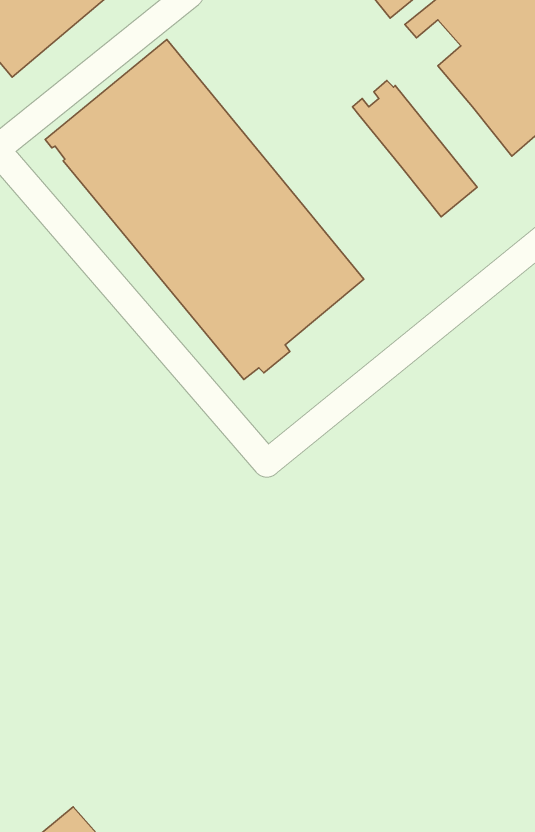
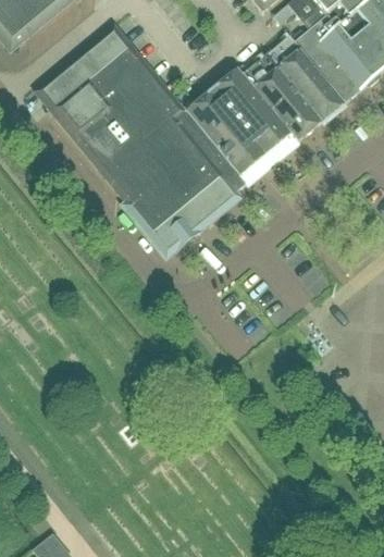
building: none -> [265,37,344,124]
building: none -> [185,71,296,185]

